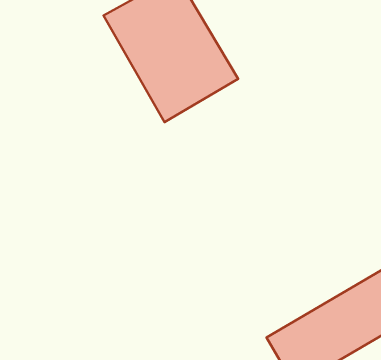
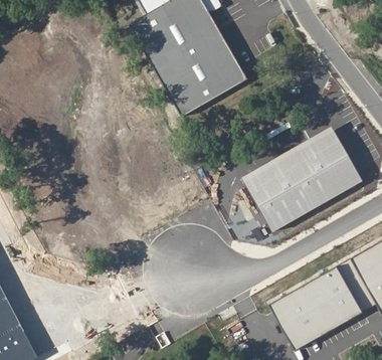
building: none -> [240,122,368,237]

